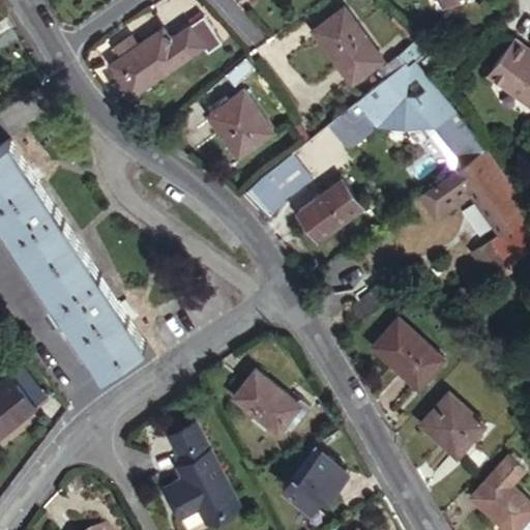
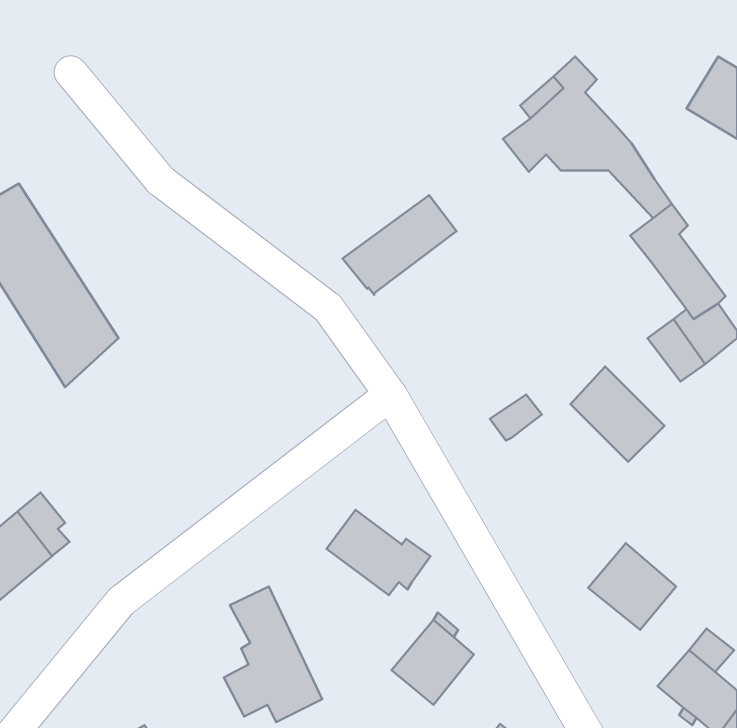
building: [312,13,376,82] -> none
building: [108,19,219,92] -> none
building: [206,82,268,146] -> none
building: [331,107,379,152] -> none
building: [417,176,468,222] -> none
building: [298,179,362,240] -> none
building: [47,249,146,372] -> none
building: [378,322,445,390] -> [570,367,664,462]

